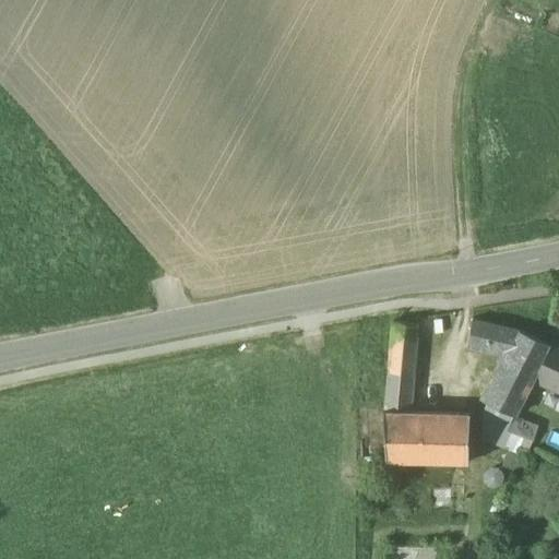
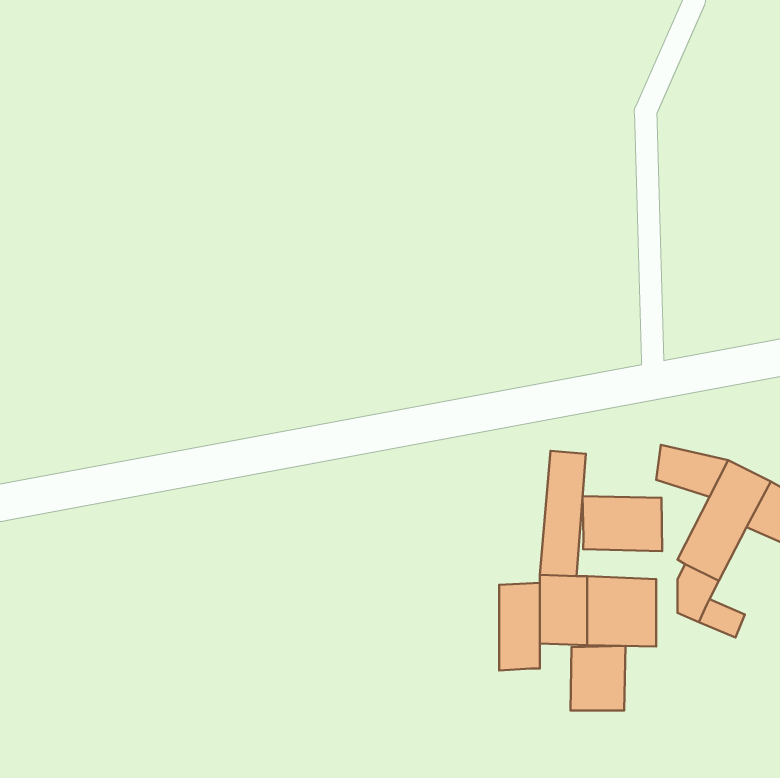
building: none -> [583,496,662,551]
building: none -> [499,583,540,670]
building: none -> [570,646,625,710]

